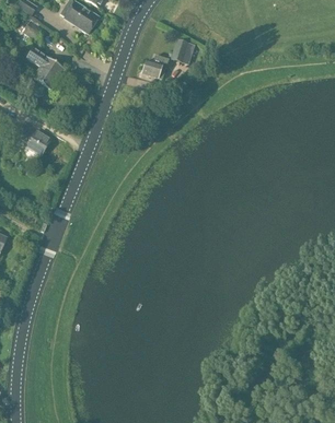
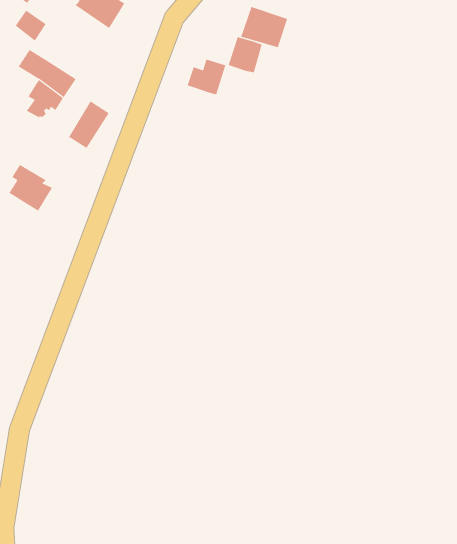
building: none -> [241,6,288,48]
building: none -> [68,100,109,149]

